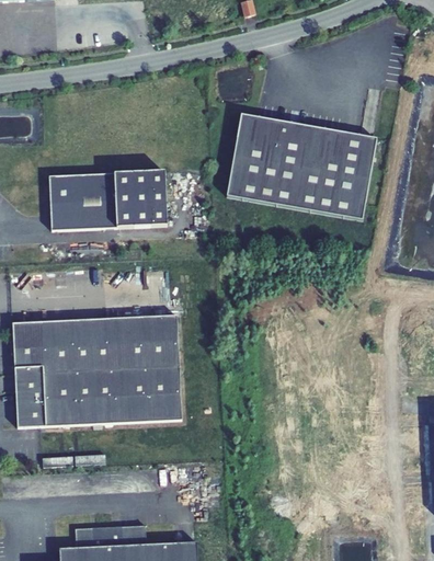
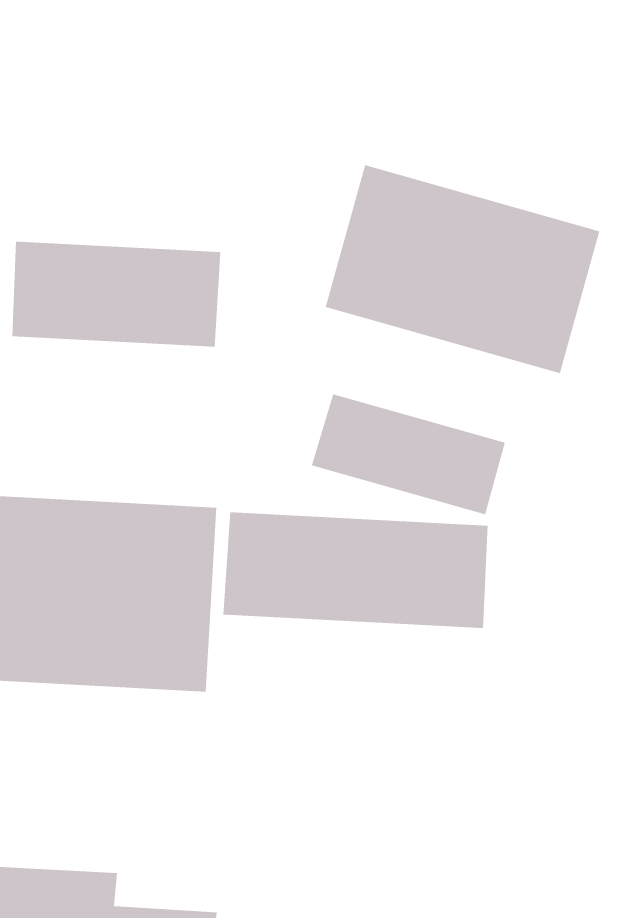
building: none -> [311,393,506,515]
building: none -> [223,511,488,629]

